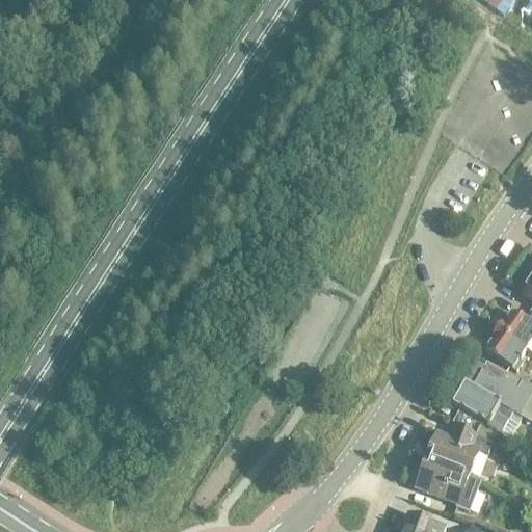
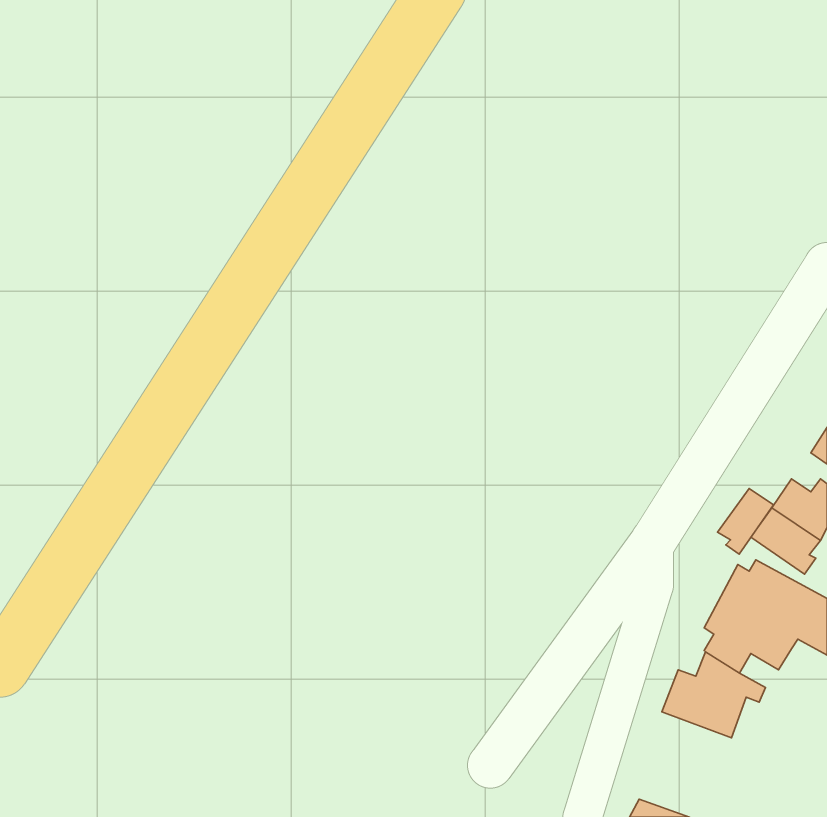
building: none -> [718,489,773,554]
building: [415,457,480,509] -> none

